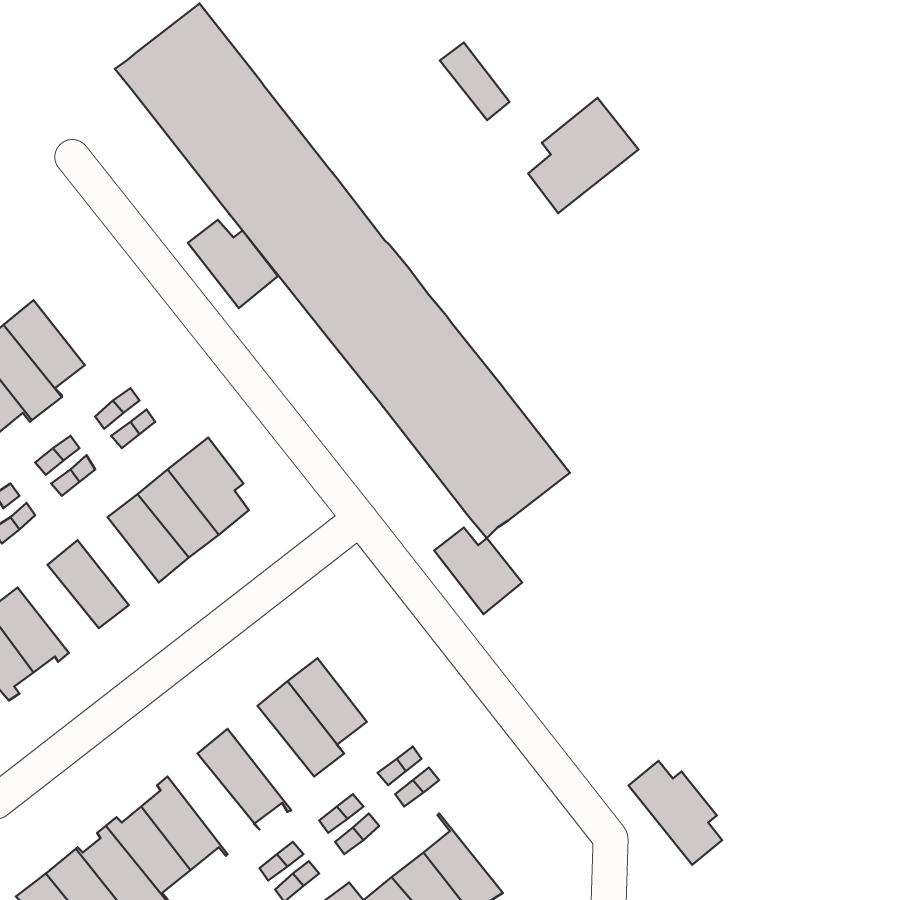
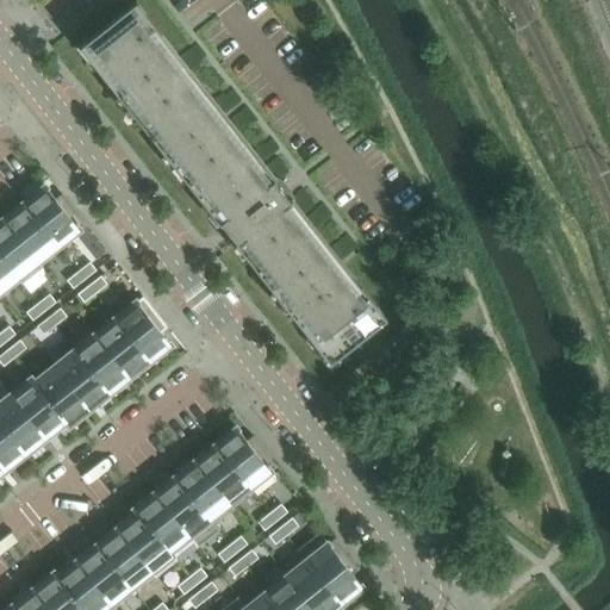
building: [440,42,510,120] -> none
building: [528,98,638,213] -> none
building: [188,220,278,308] -> [23,188,83,248]
building: none -> [52,350,107,410]
building: [434,528,522,614] -> [214,430,274,488]
building: none -> [12,382,67,442]
building: none -> [154,478,217,548]
building: none -> [113,510,175,578]
building: [629,761,722,865] -> [297,534,360,604]

